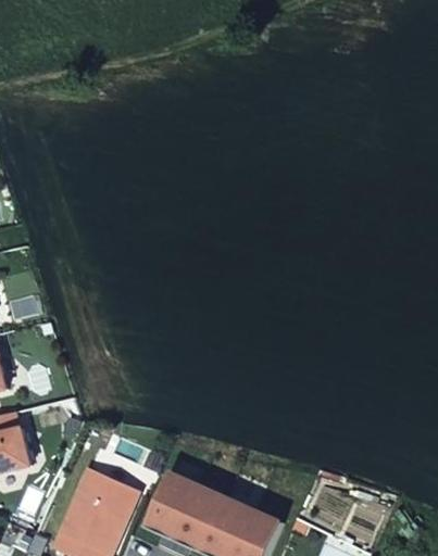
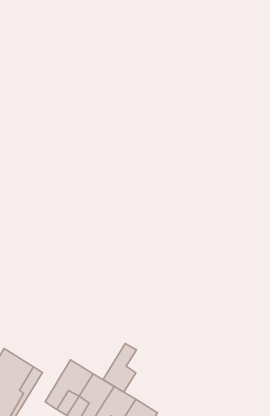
building: none -> [103,344,137,392]

